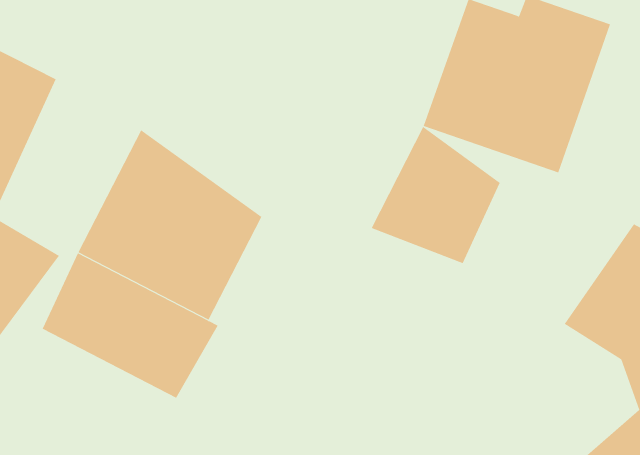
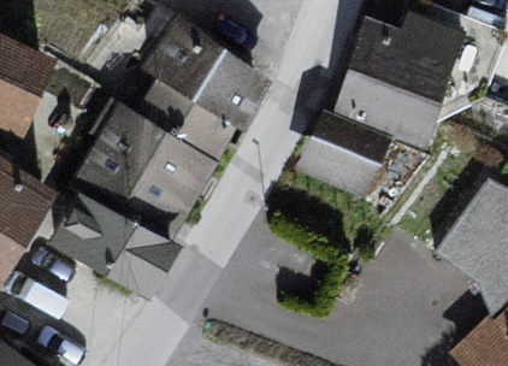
building: none -> [123,14,267,167]

